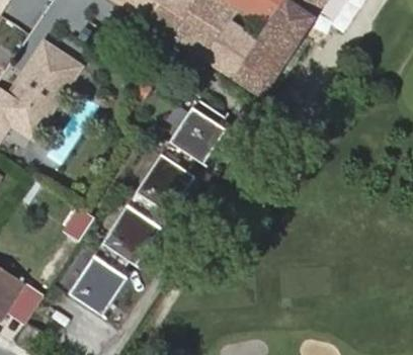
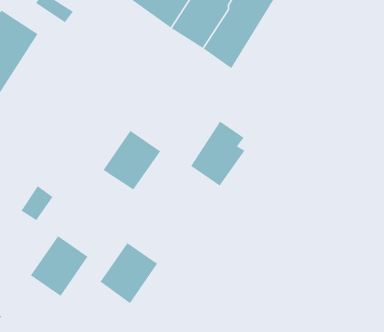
building: [176,101,229,164] -> [190,121,245,187]
building: [106,206,162,265] -> [99,242,158,304]

